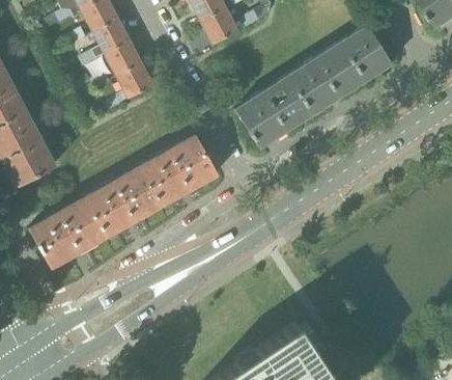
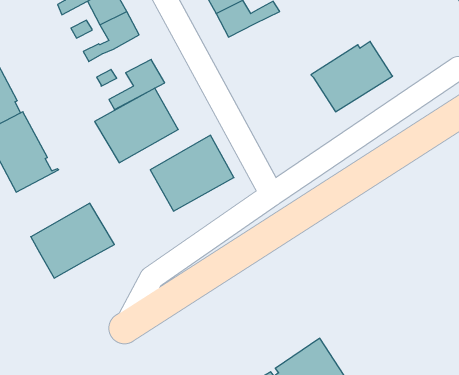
building: [342,25,391,80] -> none
building: [106,42,141,77] -> none
building: [234,81,312,147] -> none
building: [84,167,162,237] -> [95,88,178,163]

